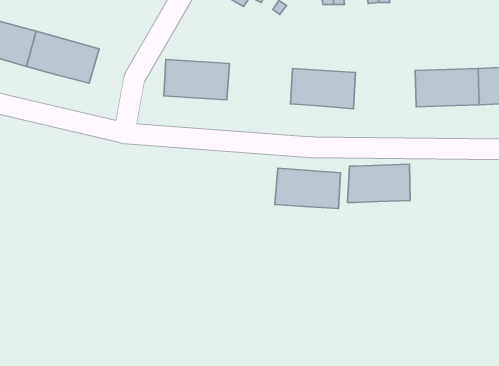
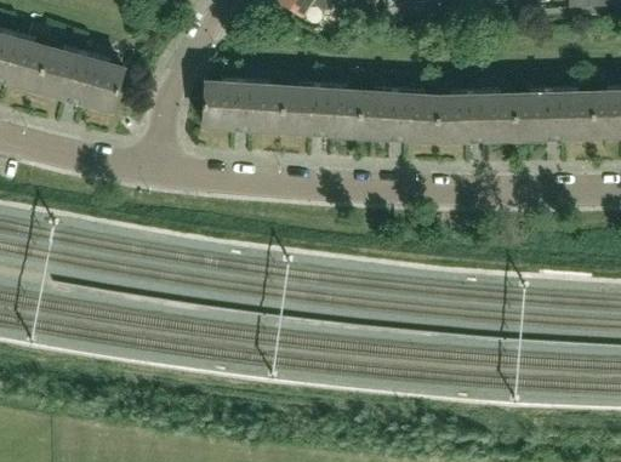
building: [347,164,410,202] -> [438,93,515,141]
building: [275,168,341,208] -> [281,85,363,135]

